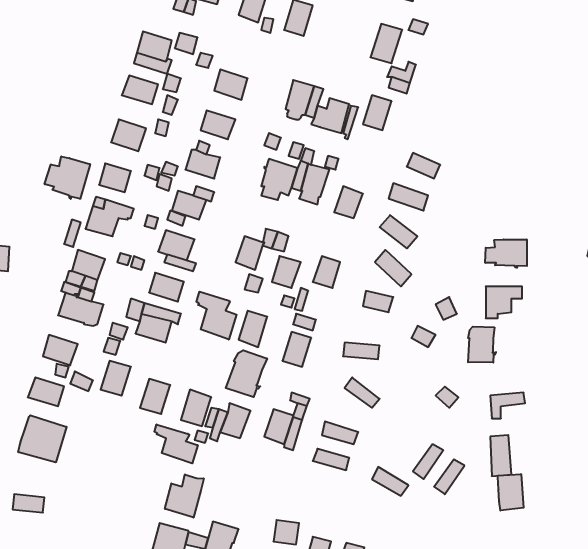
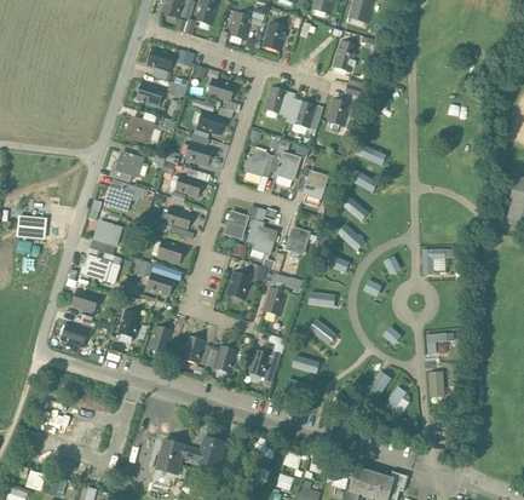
building: [45,156,90,199] -> none
building: [485,239,527,268] -> none
building: [196,292,237,340] -> none
building: [468,327,496,363] -> none
building: [226,350,267,397] -> none
building: [18,415,67,462] -> none
building: [154,424,198,463] -> none
building: [498,474,524,511] -> none
building: [165,474,204,518] -> none

